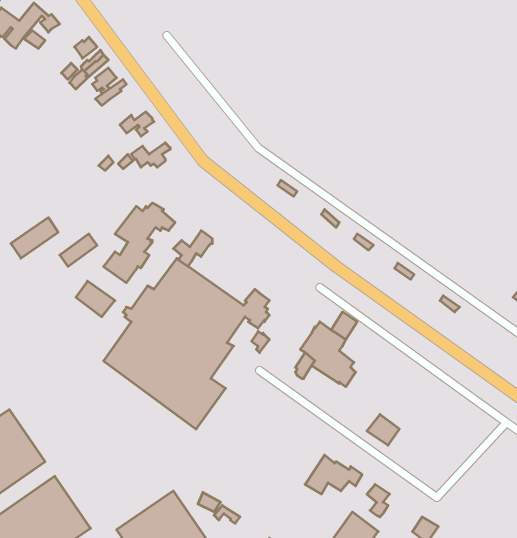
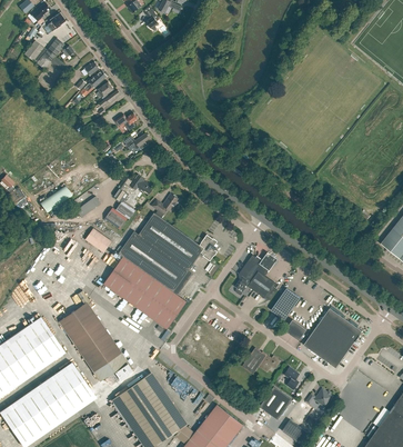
building: none -> [271,288,301,320]
building: none -> [59,290,134,390]
building: none -> [303,308,362,367]

